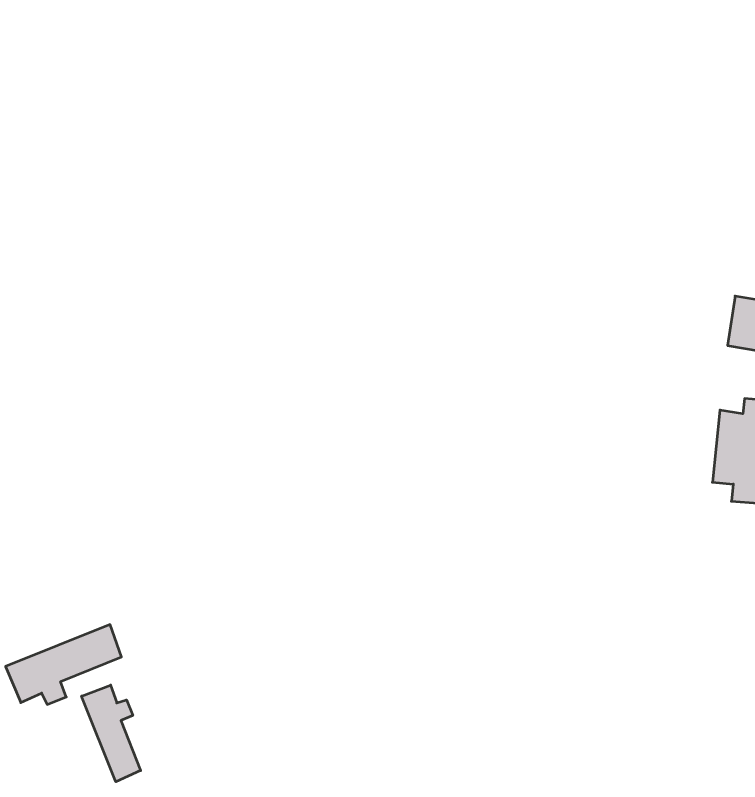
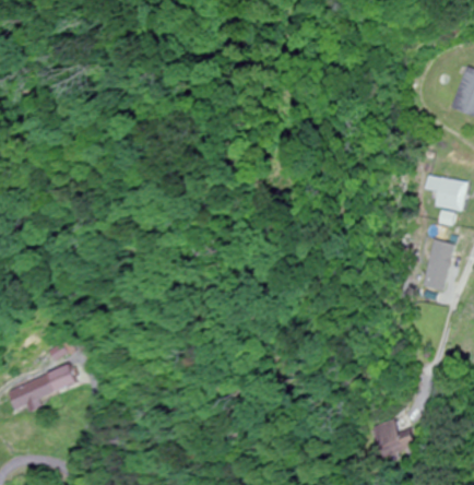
building: [82,685,141,782] -> none
building: none -> [375,421,423,459]

